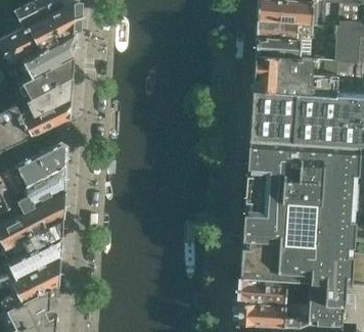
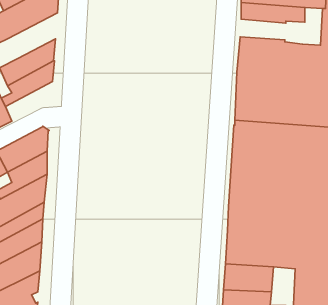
building: [27,31,76,76] -> none
building: [255,37,317,61] -> none
building: [25,98,71,140] -> none

